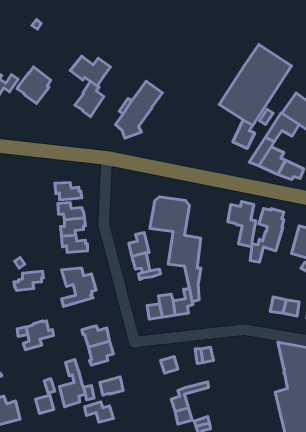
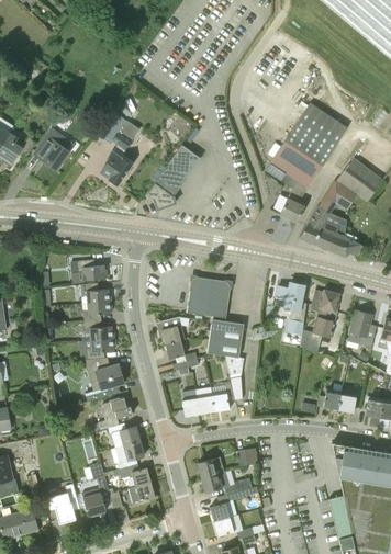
building: [14,271,44,290] -> [81,338,115,360]
building: [24,321,53,350] -> [98,397,132,430]
building: none -> [202,471,252,494]
building: [85,402,113,422] -> [119,463,152,486]

